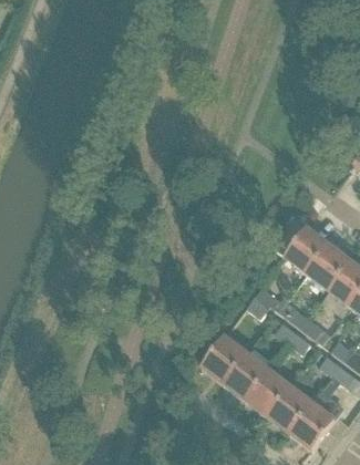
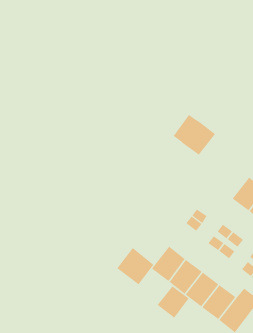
building: [272,218,329,273] -> [173,114,216,156]
building: none -> [116,247,154,285]
building: none -> [157,286,189,319]

